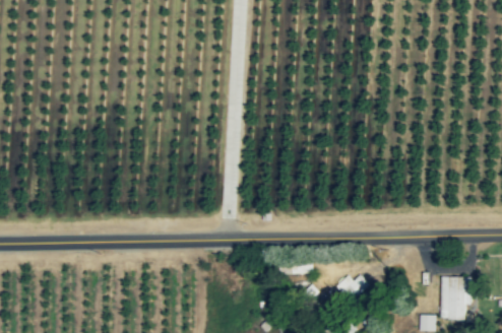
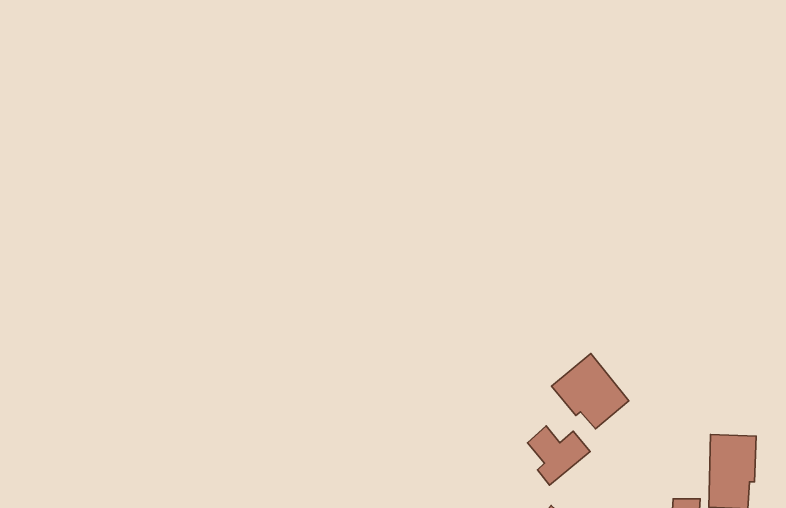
building: none -> [551,353,629,429]

